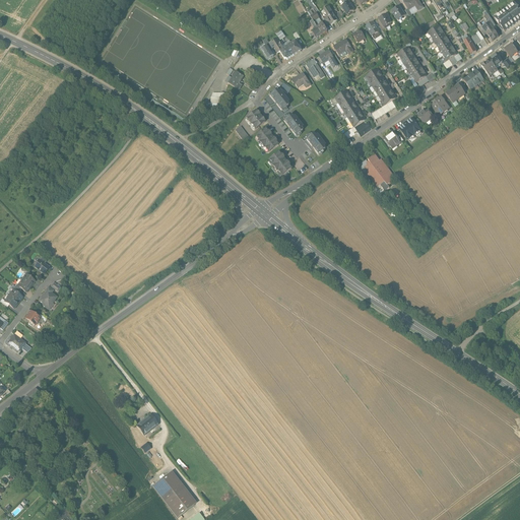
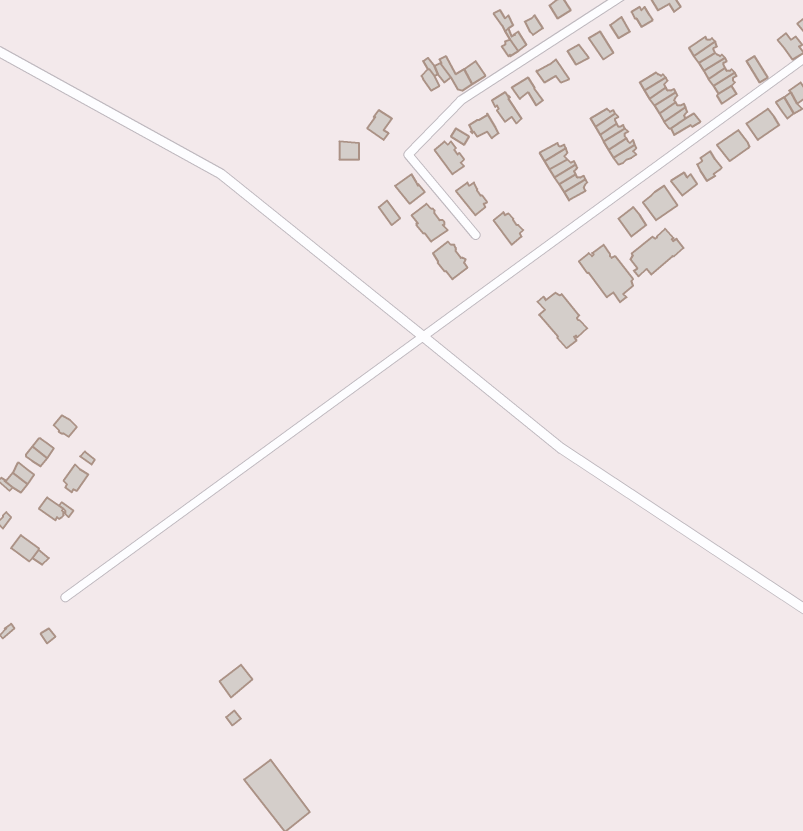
building: none -> [630,229,684,276]
building: none -> [537,293,587,348]

